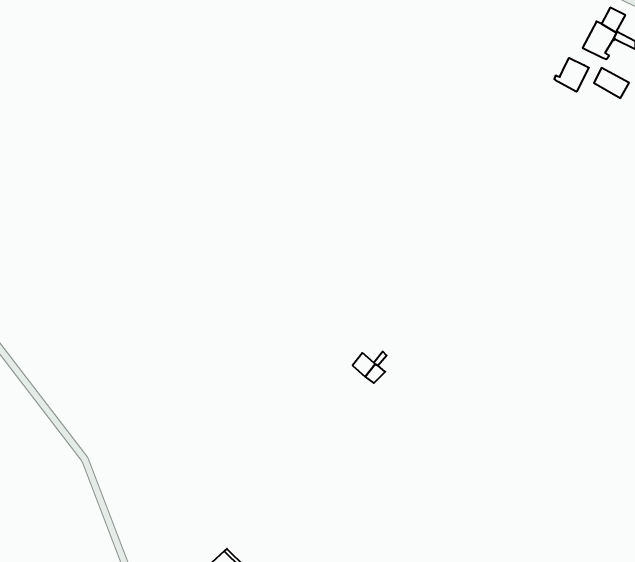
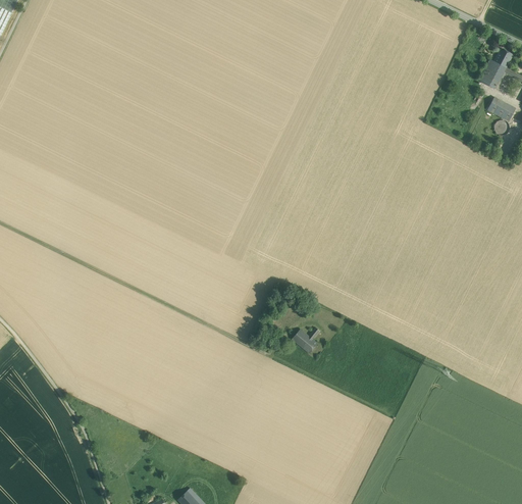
building: [554,58,589,92] -> none

